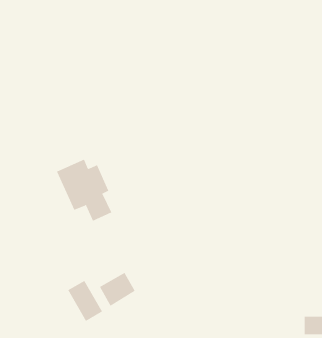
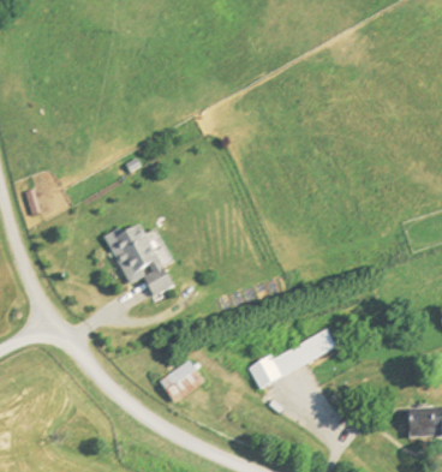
building: none -> [249,328,338,384]
building: [68,280,103,322] -> none

